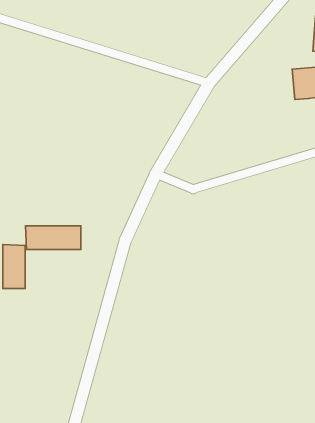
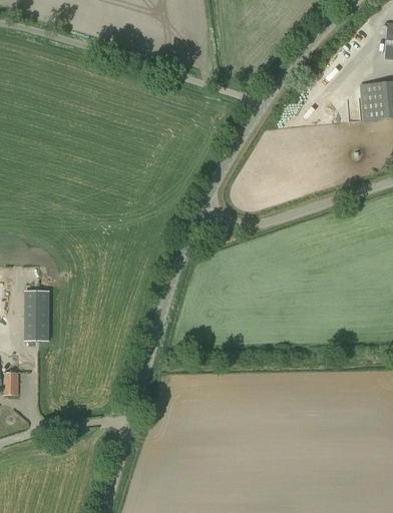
building: [25,226,81,250] -> none

